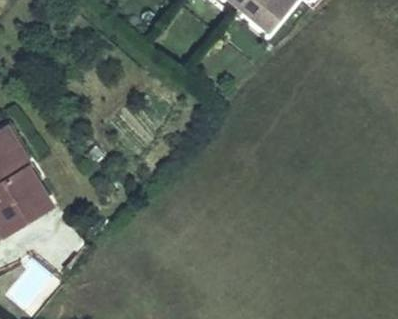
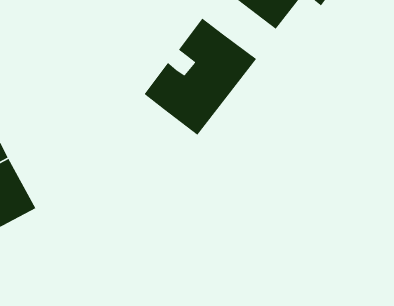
building: none -> [144,17,257,136]

